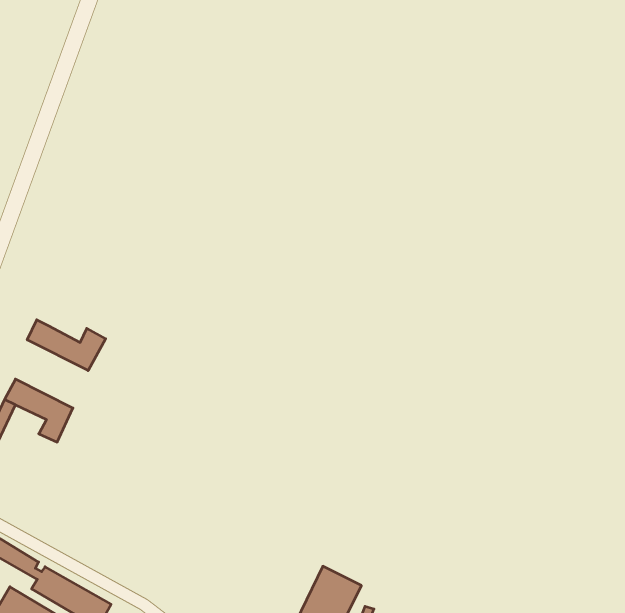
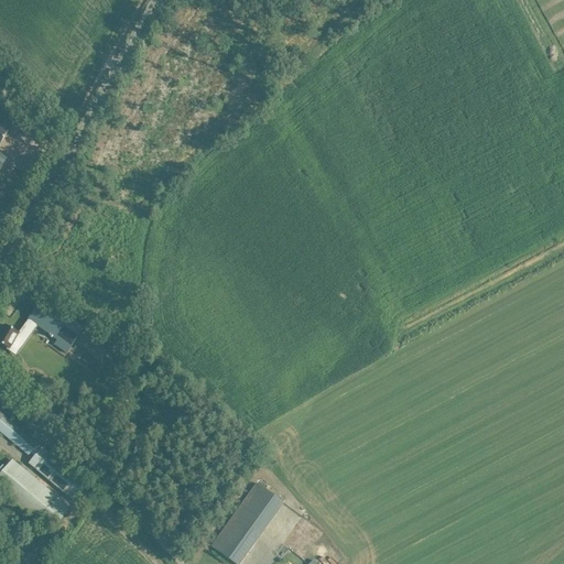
building: [27,320,106,371] -> none

